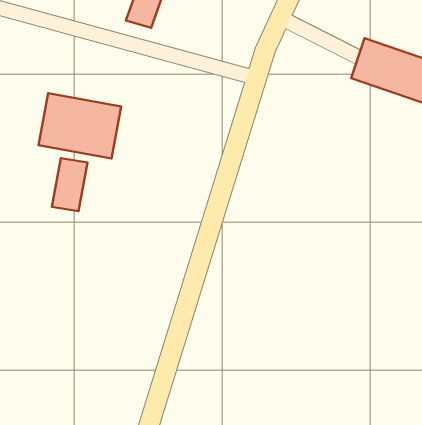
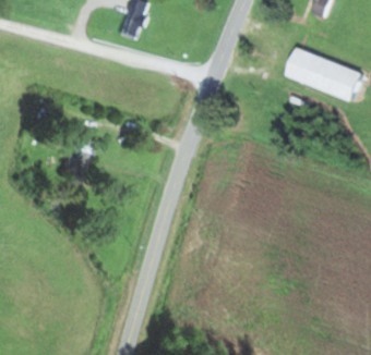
building: [38,93,121,158] -> none

